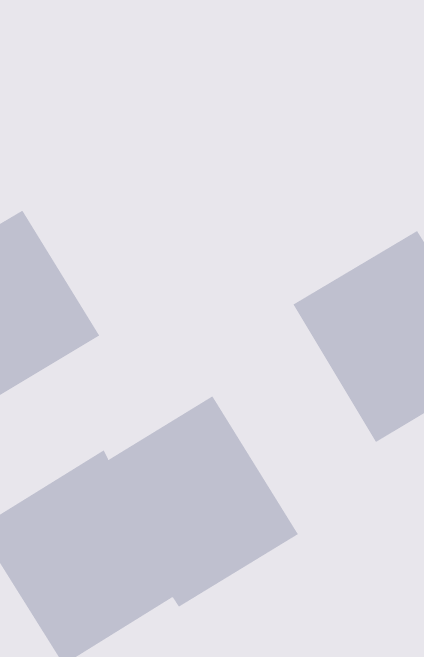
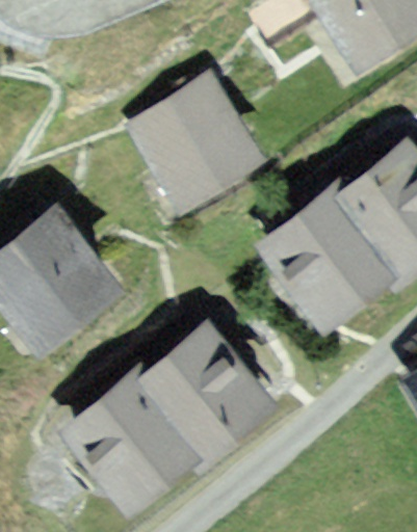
building: none -> [126,74,263,212]

